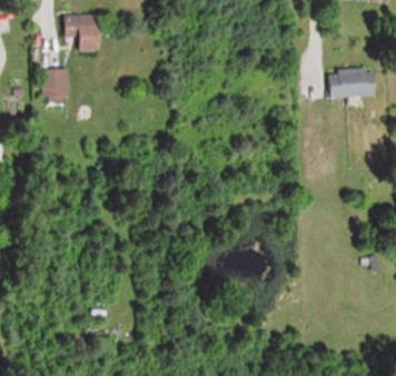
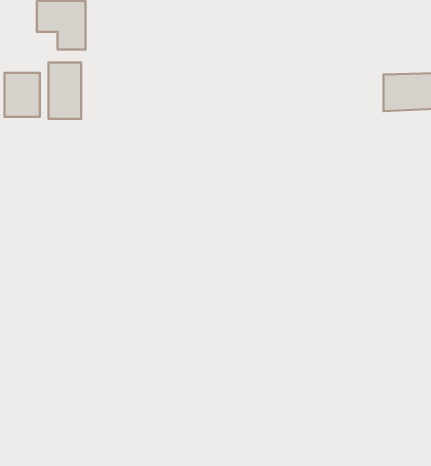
building: none -> [49,63,81,119]

